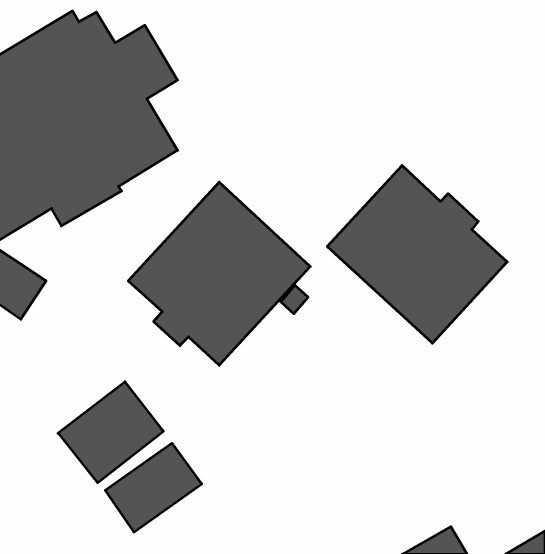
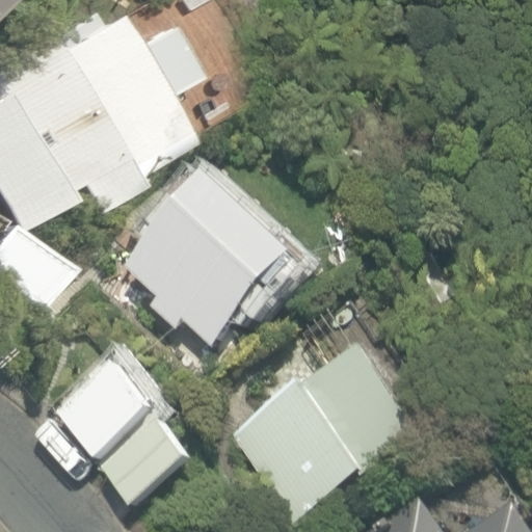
building: [327,165,507,343] -> none
building: none -> [227,342,419,521]

